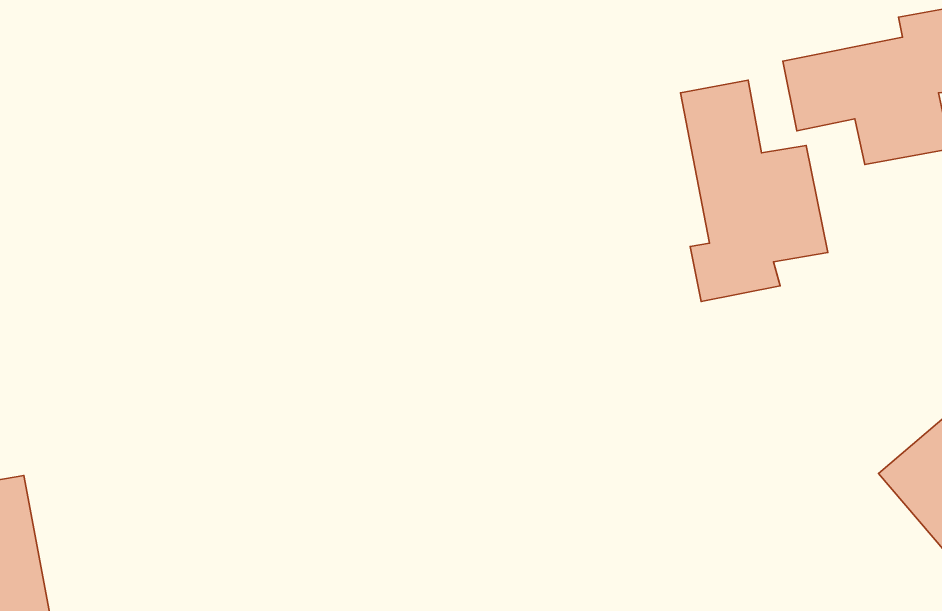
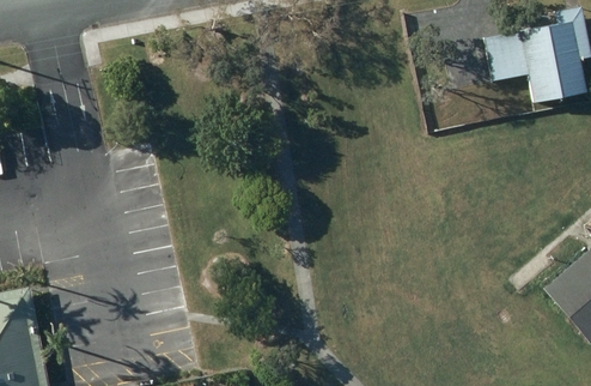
building: [681,80,828,301] -> none

